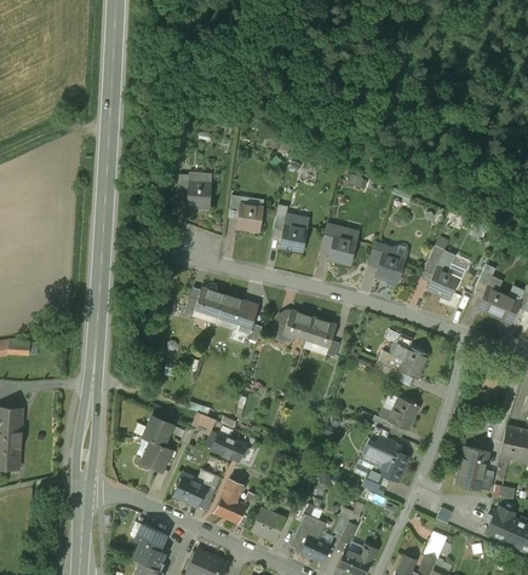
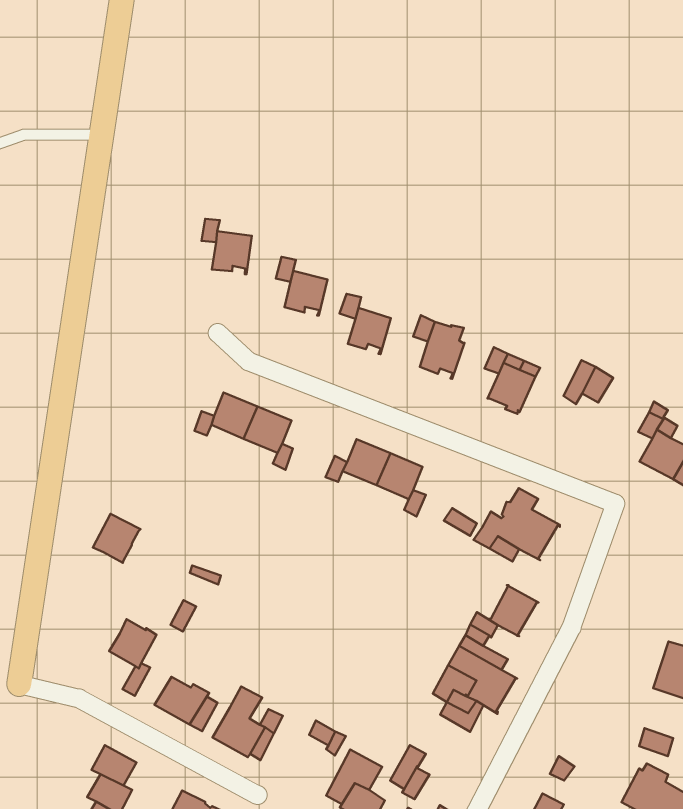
building: [426,268,459,299] -> none
building: [143,415,173,447] -> [93,514,141,563]
building: [211,432,246,461] -> none
building: [455,445,493,490] -> none
building: [251,507,285,540] -> none

